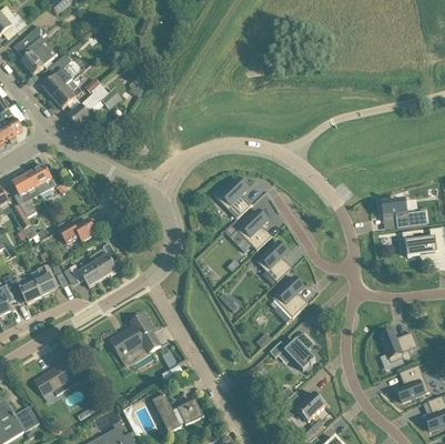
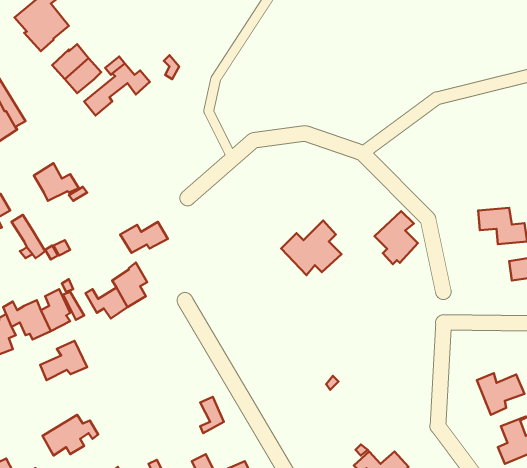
building: [11,173,36,216] -> none
building: [216,178,252,219] -> none
building: [58,219,95,243] -> [120,222,168,253]
building: [256,241,291,283] -> [375,211,418,264]
building: [272,275,307,317] -> none
building: none -> [40,341,87,380]
building: [110,315,160,365] -> none
building: [269,339,314,370] -> none

